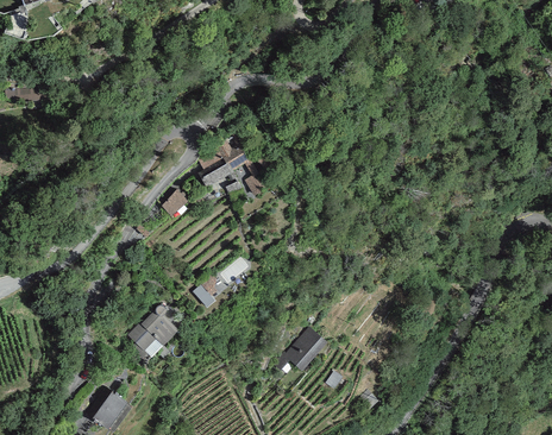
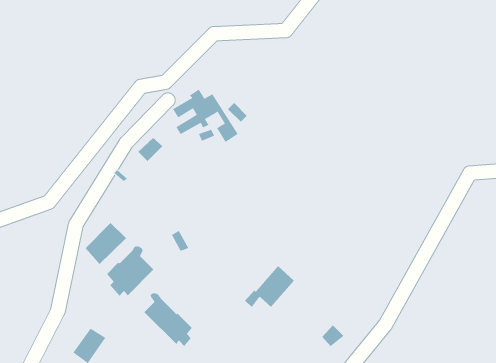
building: none -> [85,222,127,265]
building: none -> [144,292,192,347]

